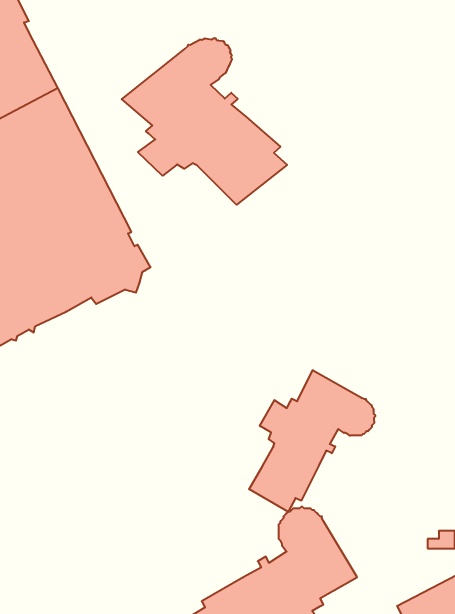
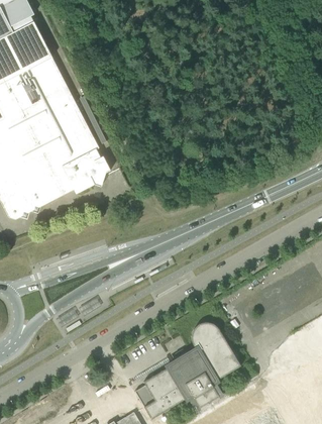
building: [122,38,287,205] -> none
building: [249,370,375,512] -> none

